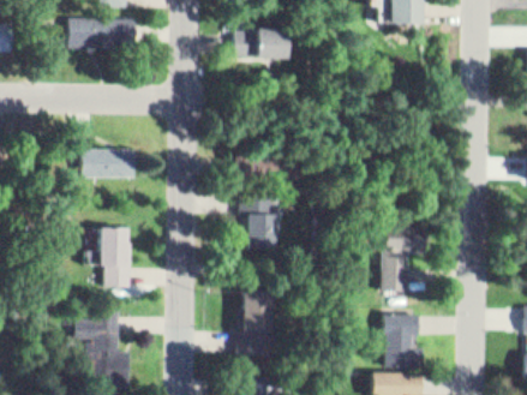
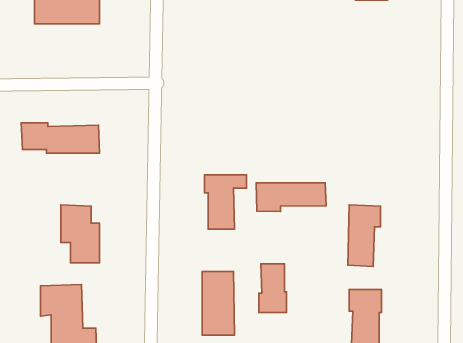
building: [235,30,283,59] -> none
building: none -> [256,183,326,212]
building: none -> [259,264,287,313]

